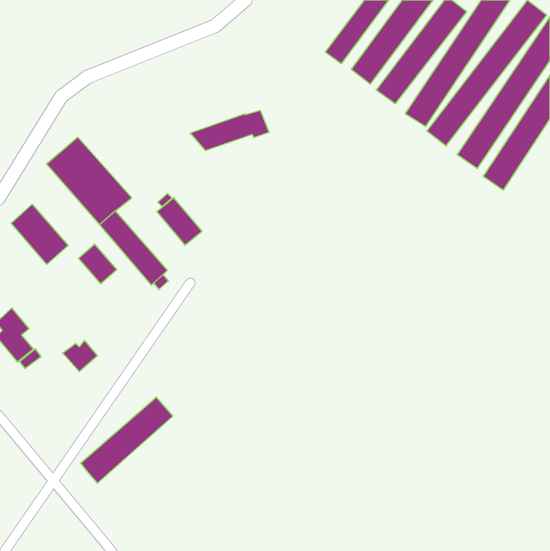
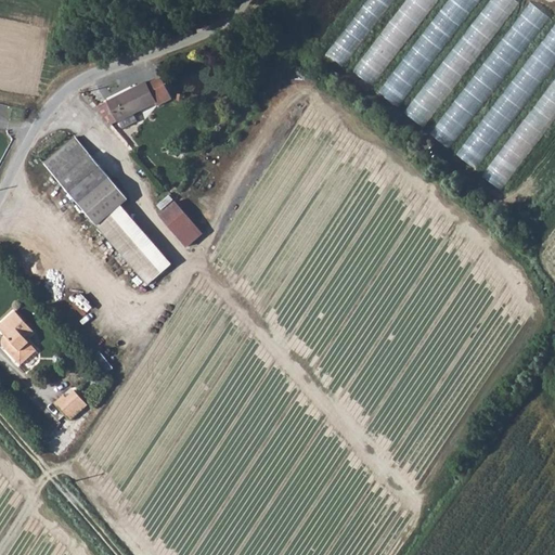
building: [190,111,269,151] -> [92,78,171,118]
building: [11,204,68,264] -> none
building: [79,244,117,284] -> none
building: [63,340,97,372] -> [51,389,86,421]
building: [81,397,173,483] -> none

